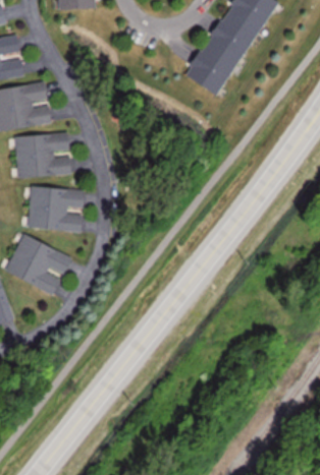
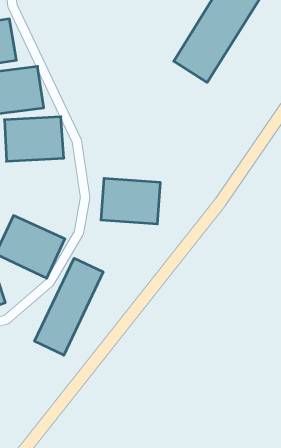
building: [24,185,85,231] -> [101,178,160,224]
building: none -> [35,258,103,355]

